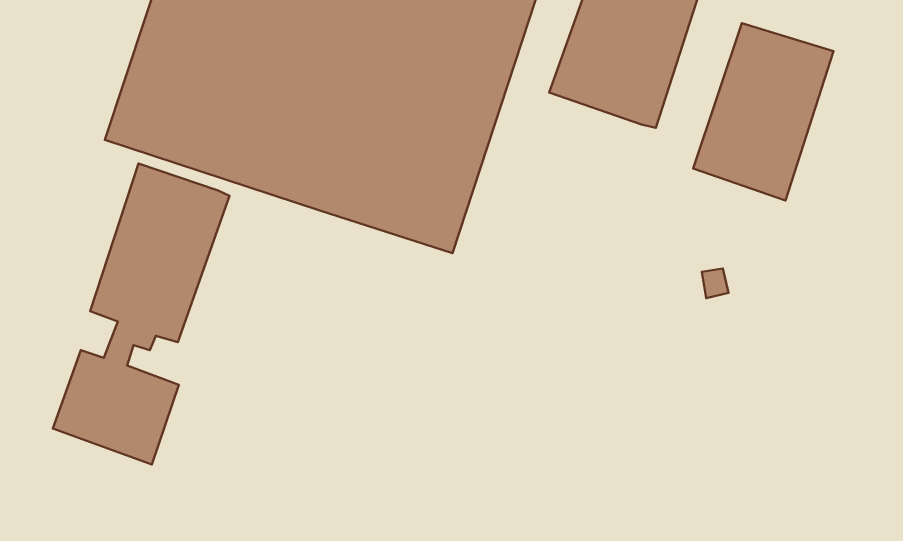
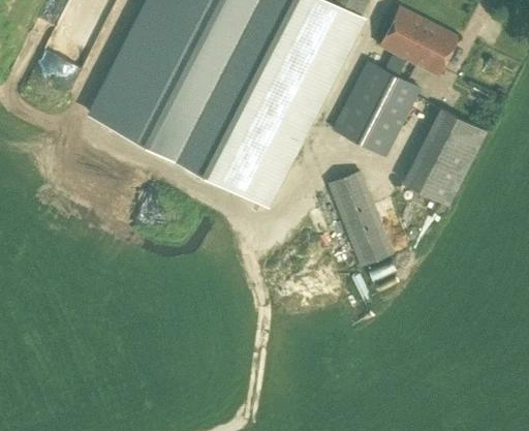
building: none -> [326,172,392,268]
building: [53,163,229,465] -> none

